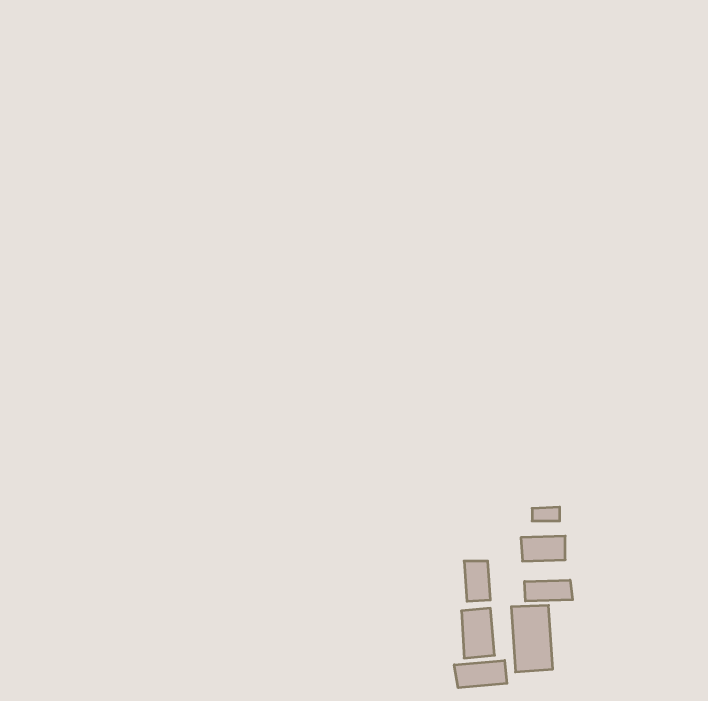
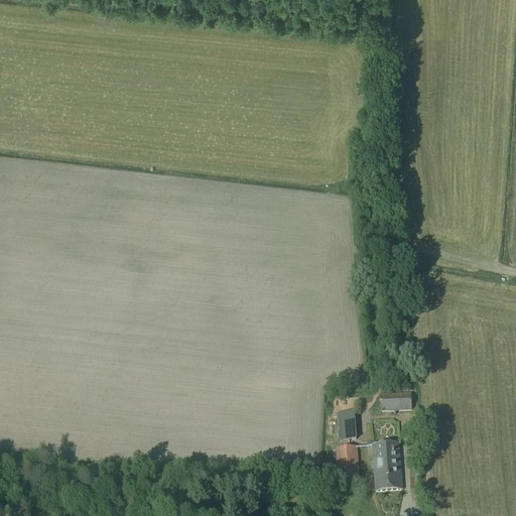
building: [525,580,573,601] -> none
building: [454,660,507,688] -> none

